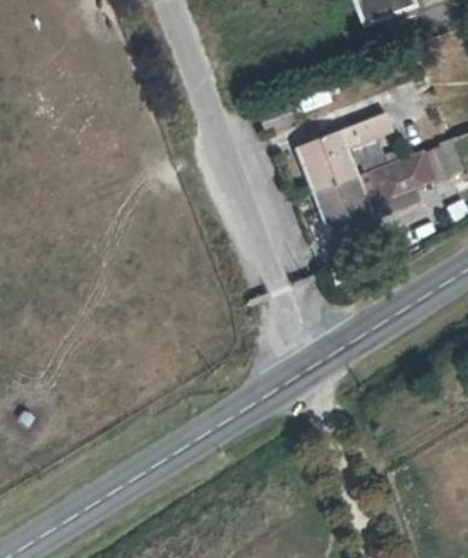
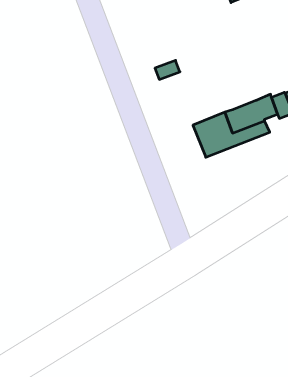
building: [298,112,394,190] -> none

